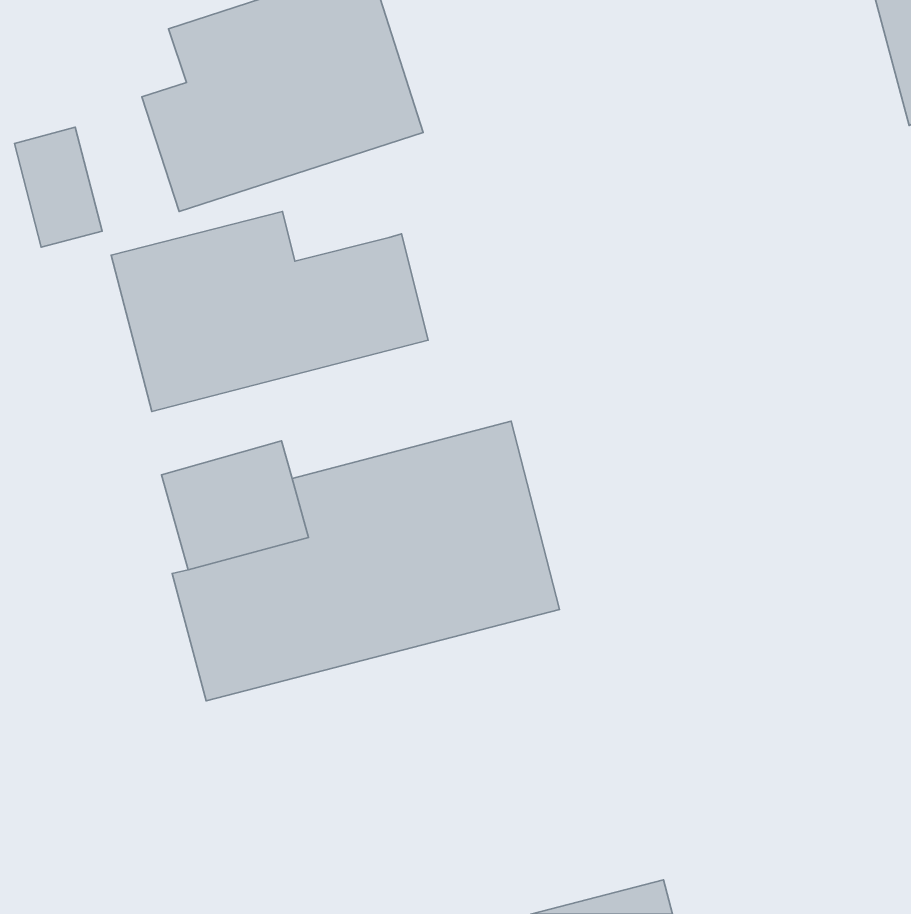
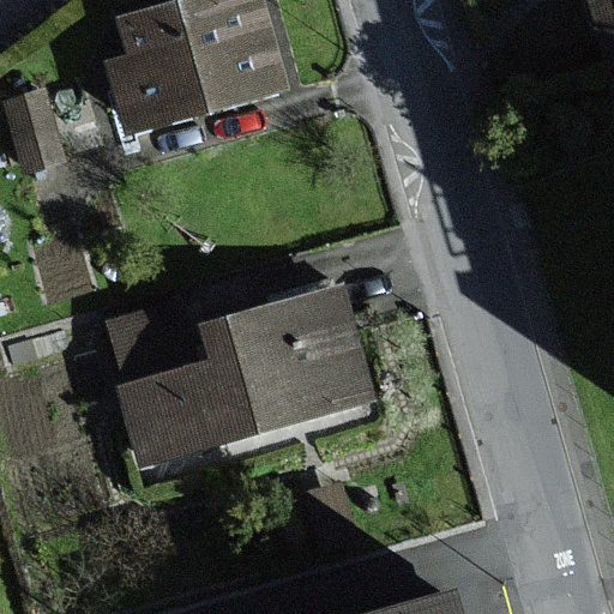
building: [111,211,428,412] -> none

